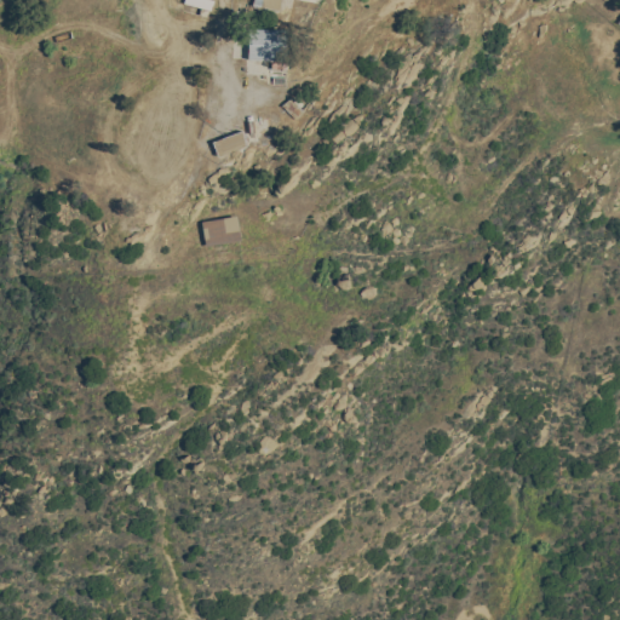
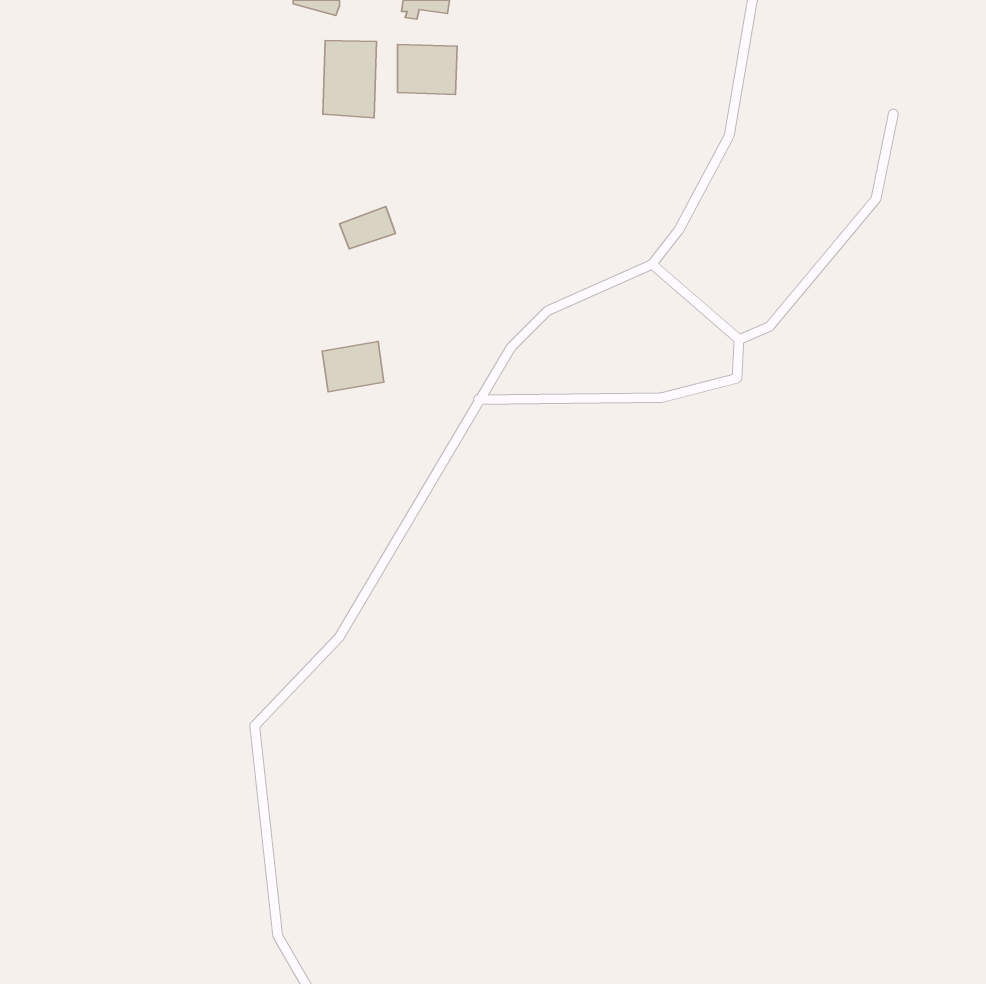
building: none -> [323,40,377,118]

